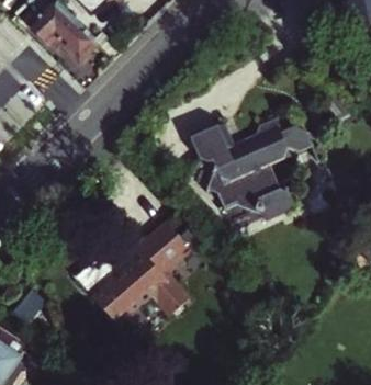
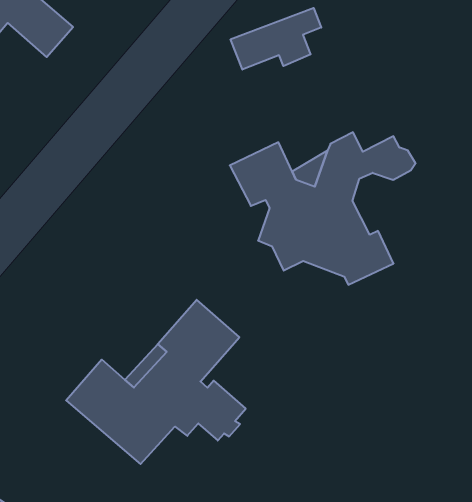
building: none -> [231,8,321,70]

